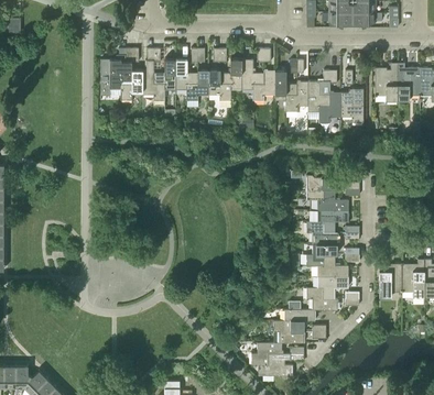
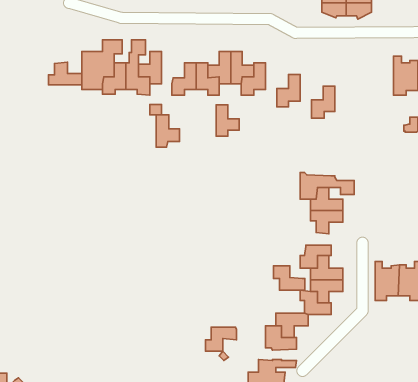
building: [175,59,197,90] -> [156,115,179,147]
building: [375,64,397,101] -> none
building: none -> [49,62,82,85]
building: [274,70,296,100] -> [216,105,239,136]
building: [307,81,329,111] -> none
building: [340,89,362,122] -> none
building: [307,221,337,244] -> [274,266,305,290]
building: [251,342,281,365] -> [205,327,237,351]

